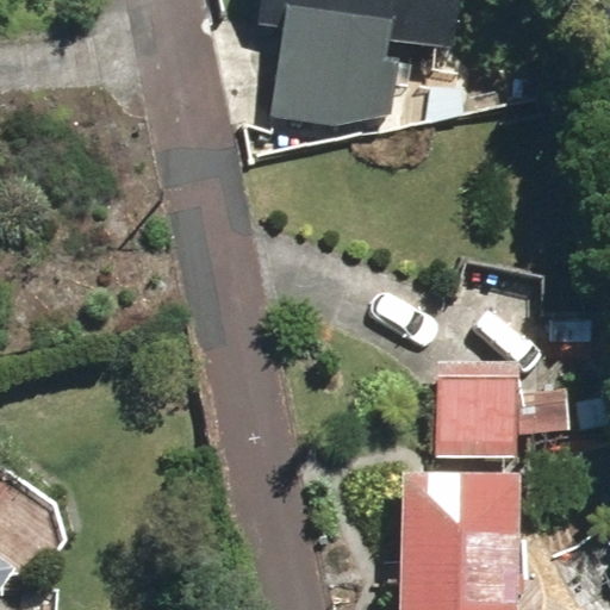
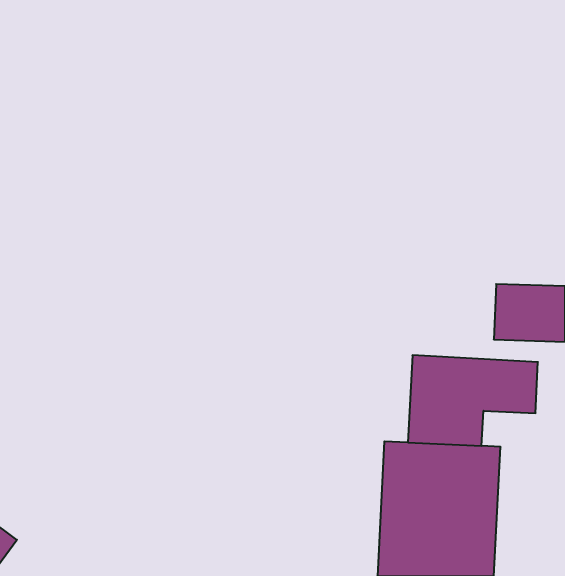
building: [273,12,415,131] -> none

